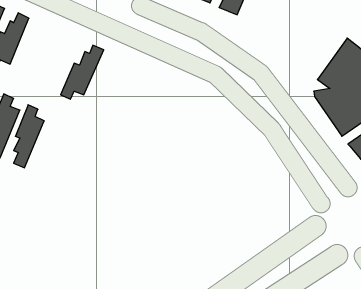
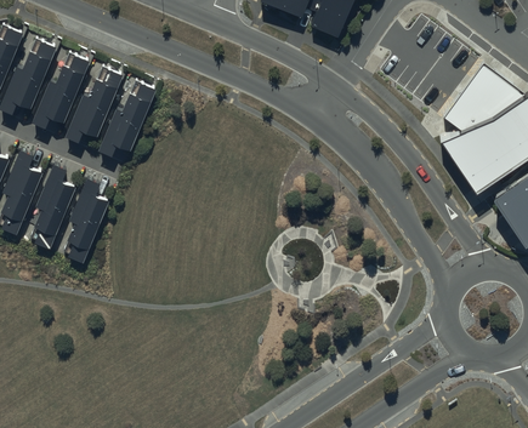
building: none -> [33,50,89,124]
building: none -> [67,63,124,137]
building: none -> [69,171,112,257]

